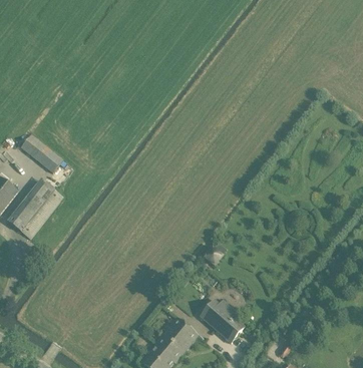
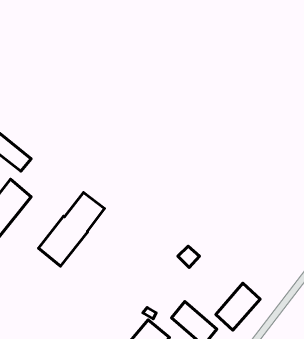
building: none -> [38,193,104,266]
building: none -> [216,283,260,330]

